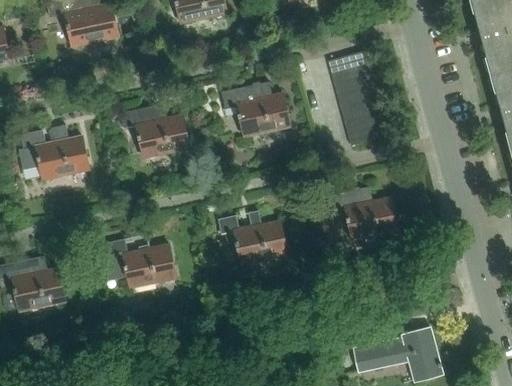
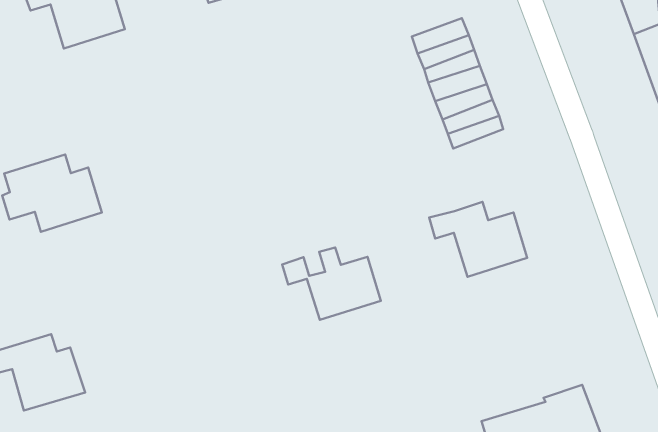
building: [221,82,290,137] -> none
building: [121,106,189,158] -> none
building: [106,239,176,287] -> none

